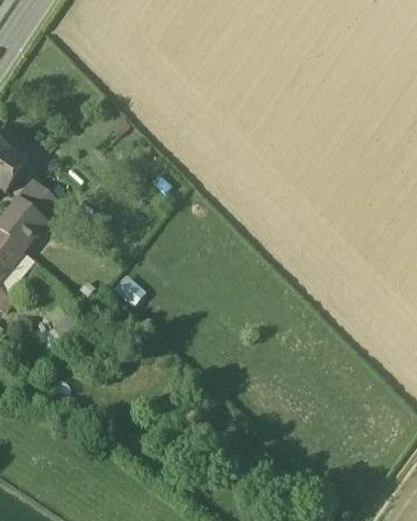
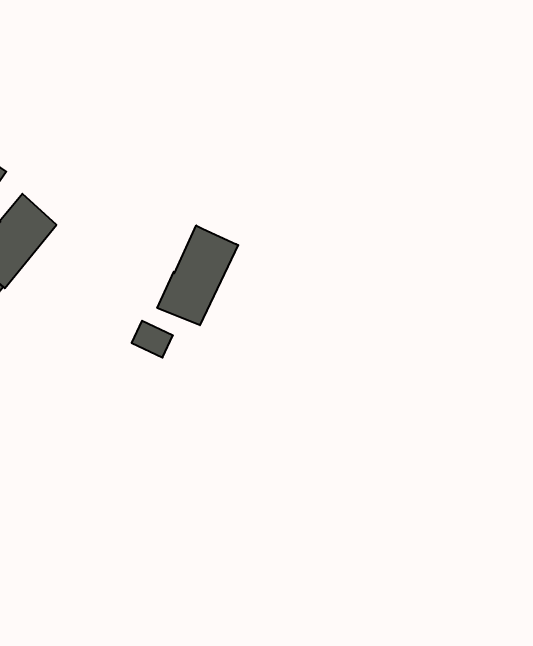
building: none -> [157,225,238,325]

